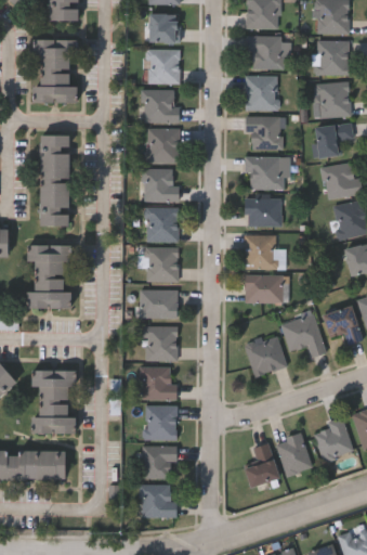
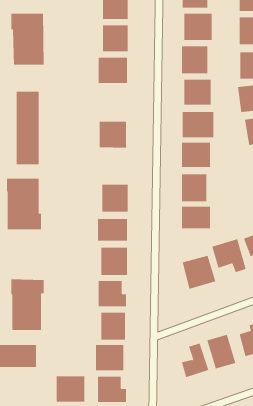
building: [147,130,180,164] -> none
building: [146,209,179,242] -> none
building: none -> [56,375,85,402]

